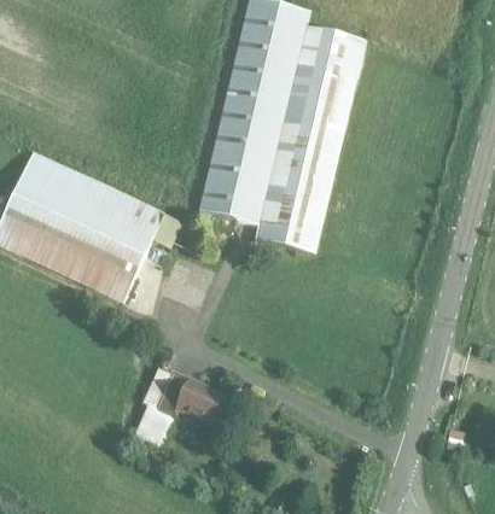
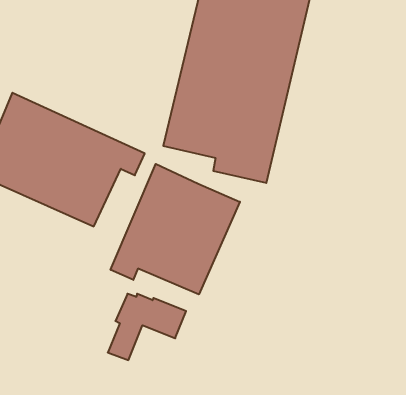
building: none -> [111,164,240,294]

